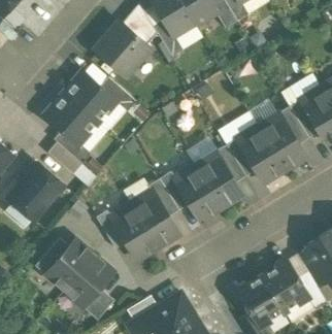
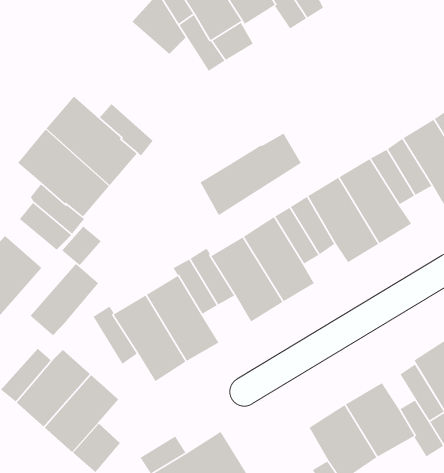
building: [95,21,151,75] -> none
building: none -> [199,133,302,216]
building: none -> [30,263,99,336]

